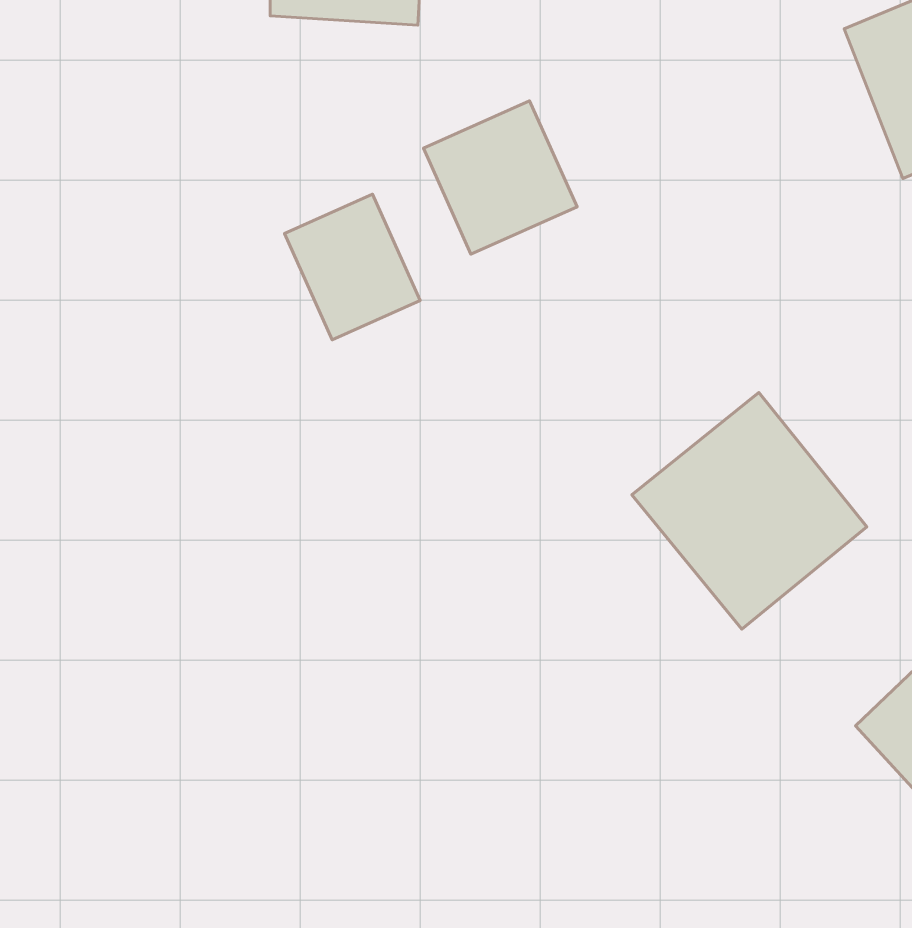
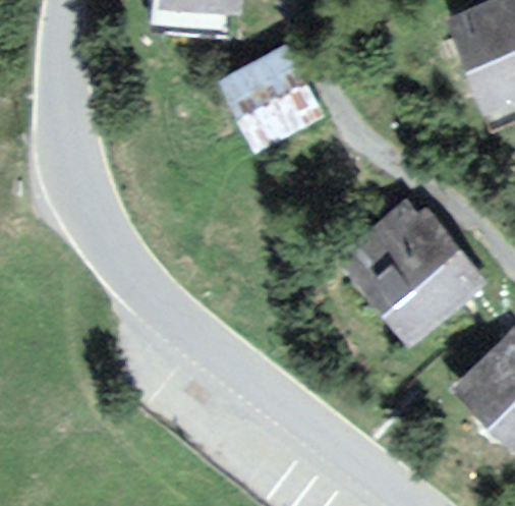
building: [285,194,420,340] -> none

